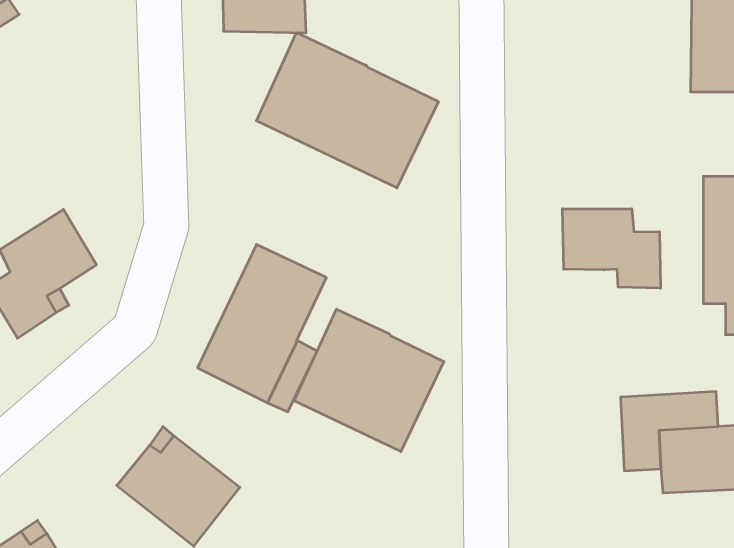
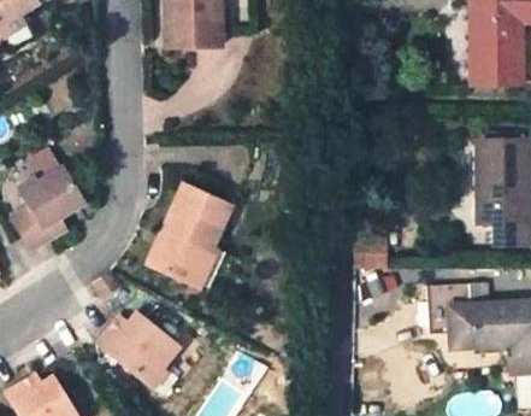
building: [256,33,438,188] -> none
building: [562,209,660,288] -> none
building: [294,309,444,452] -> none

